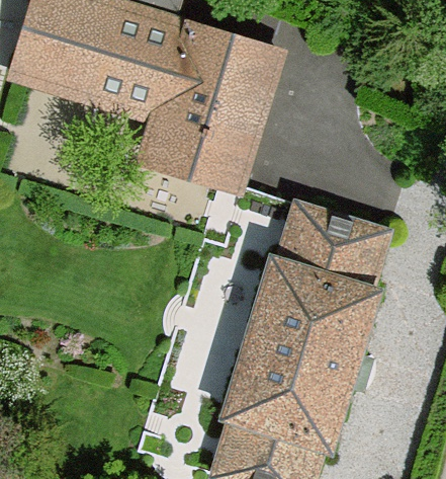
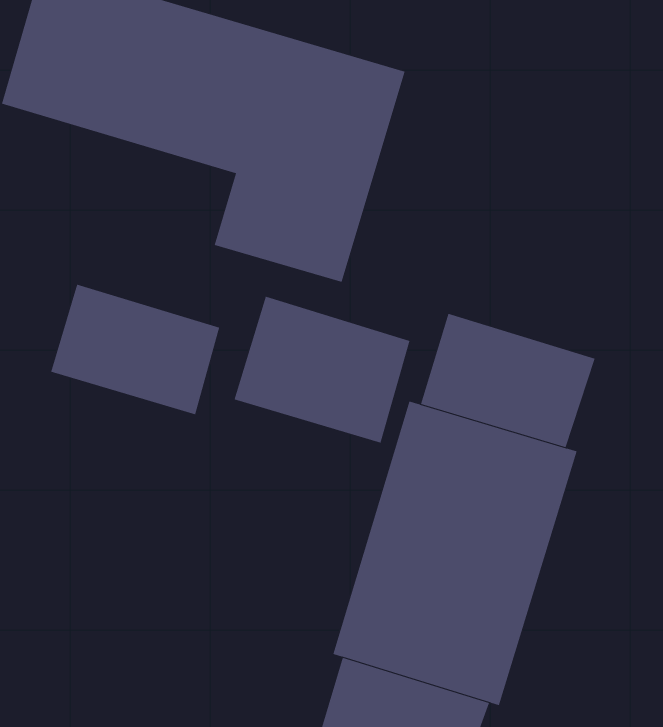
building: none -> [50,284,220,415]
building: none -> [234,296,410,444]

